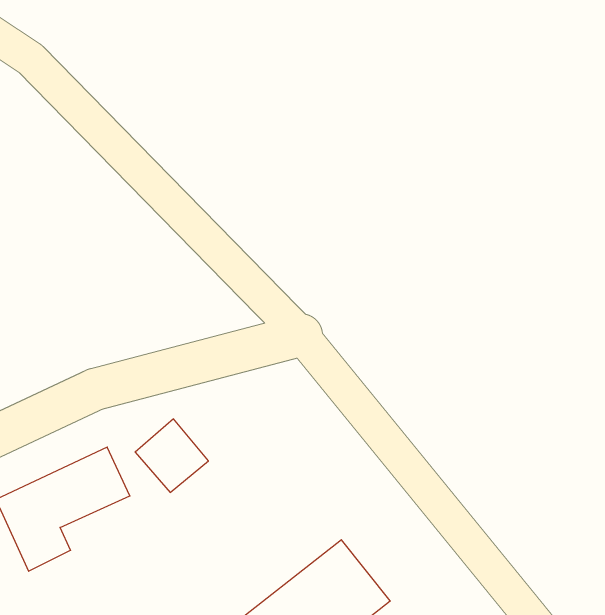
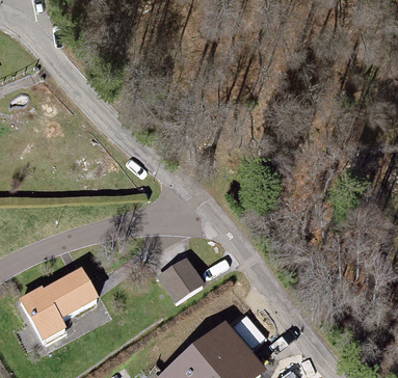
building: [135,419,208,492] -> [162,254,206,298]

